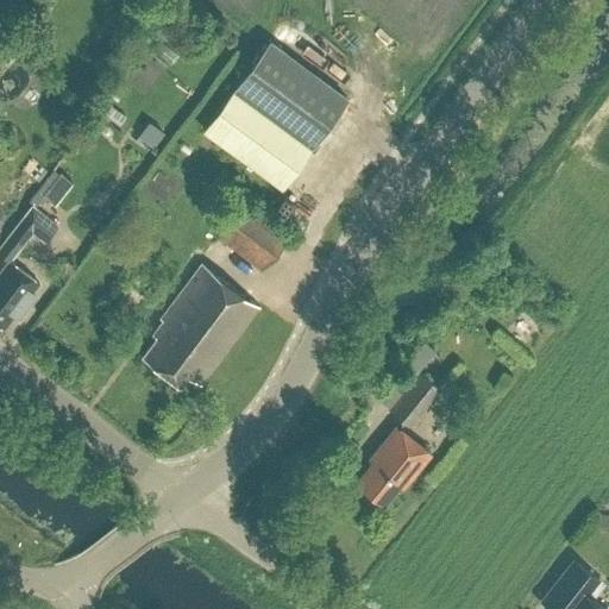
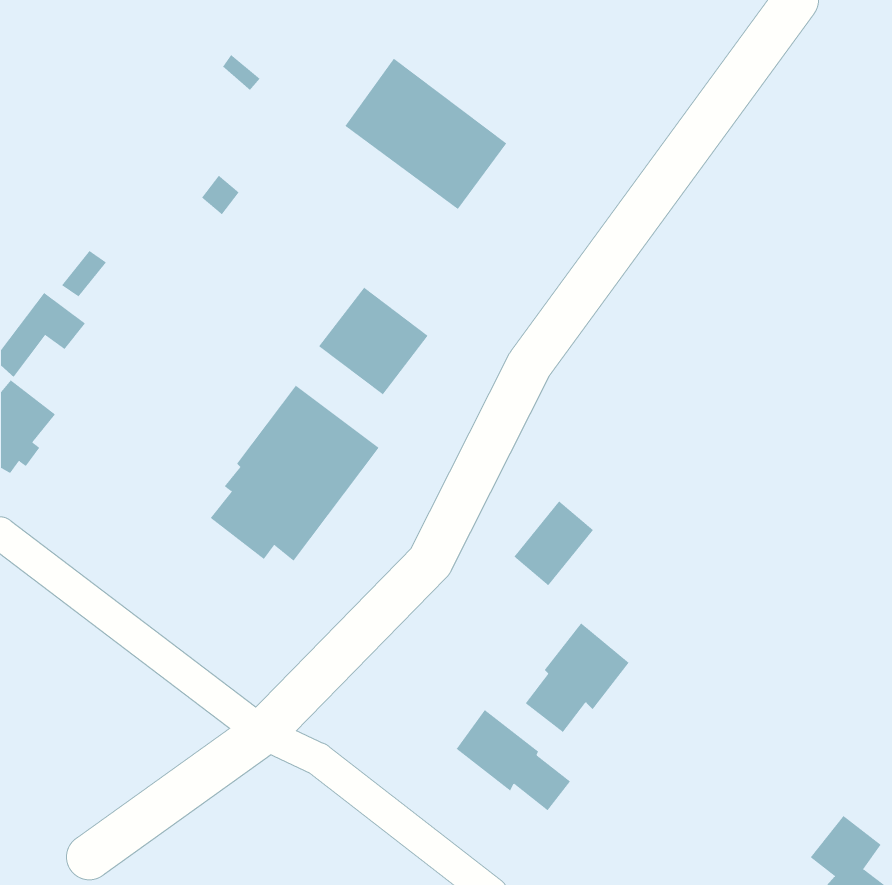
building: [203,93,312,192] -> none
building: [390,377,445,435] -> [513,500,594,586]
building: none -> [456,709,571,811]

